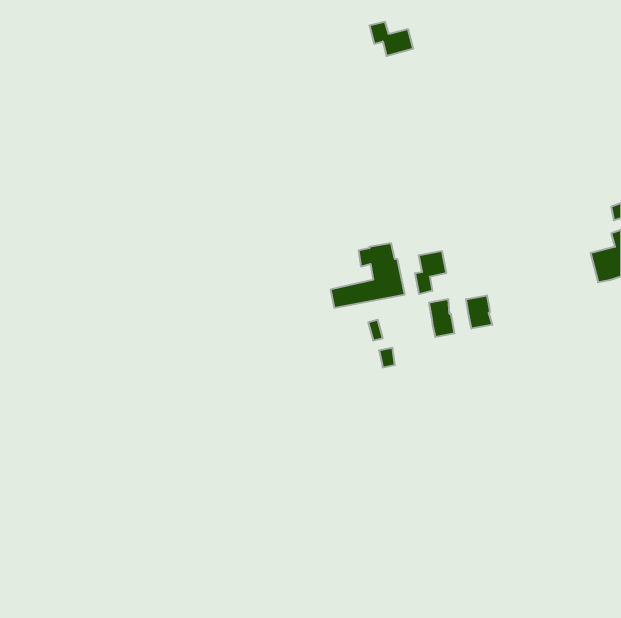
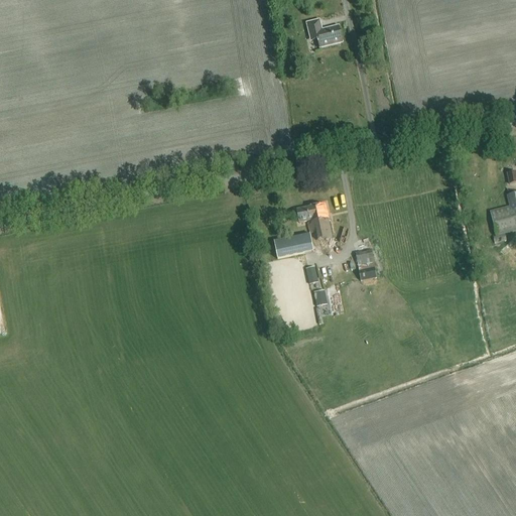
building: [415,251,446,294] -> none
building: [466,295,492,329] -> none

